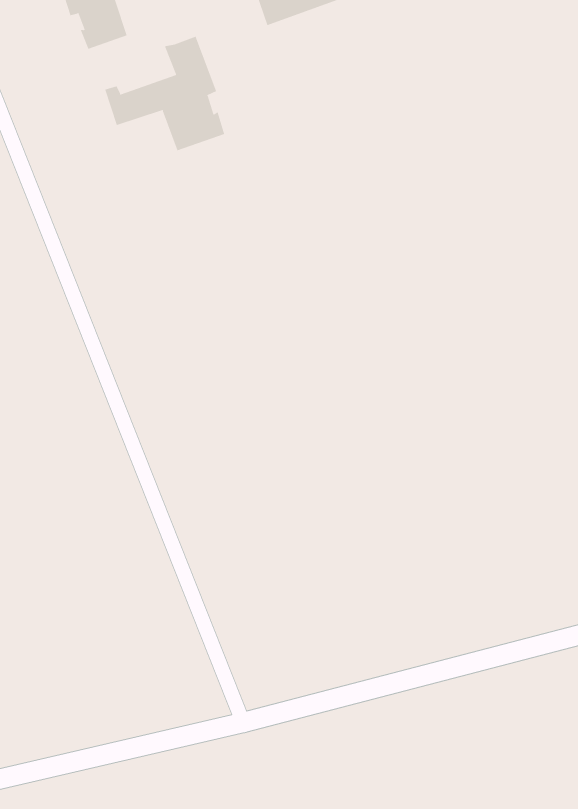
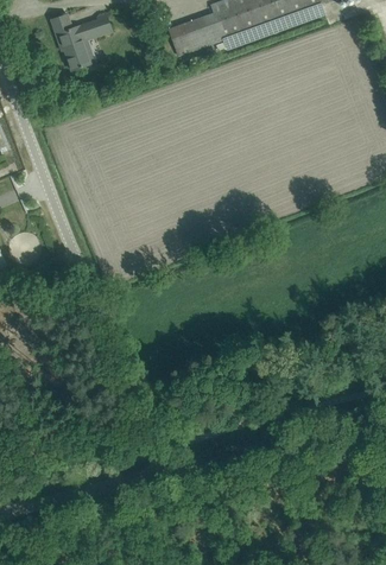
building: [105,36,225,151] -> none

